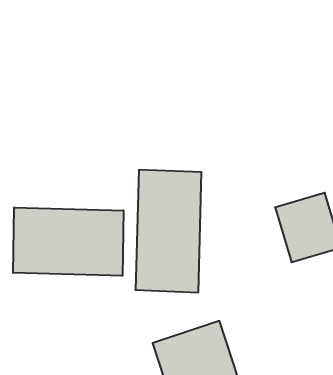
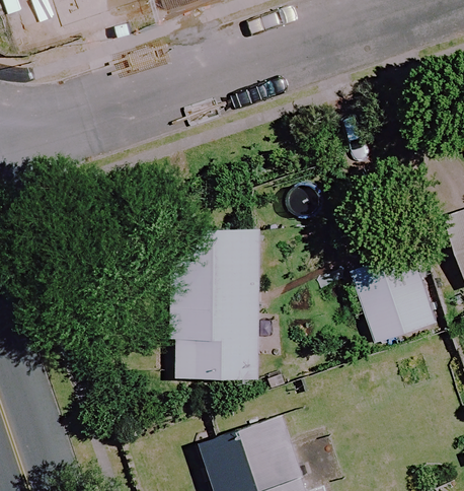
building: [13,207,123,276] -> none

